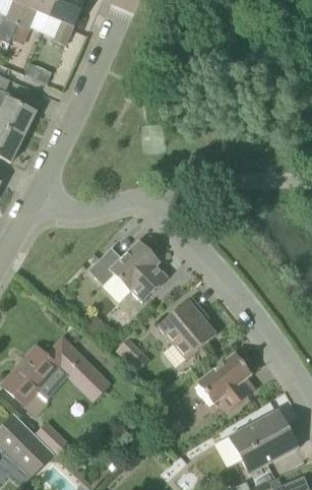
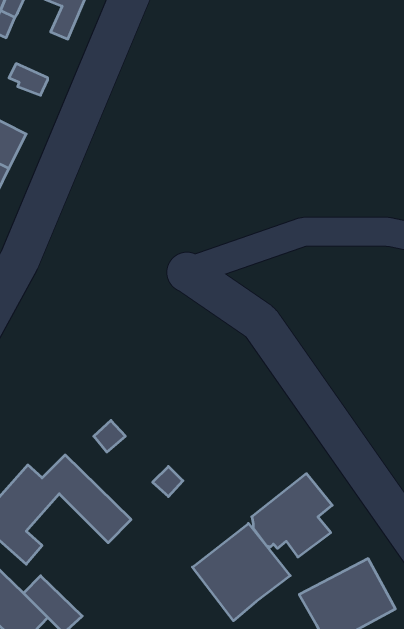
building: [87,239,165,303] -> none
building: [157,296,215,359] -> none
building: none -> [192,523,290,621]

